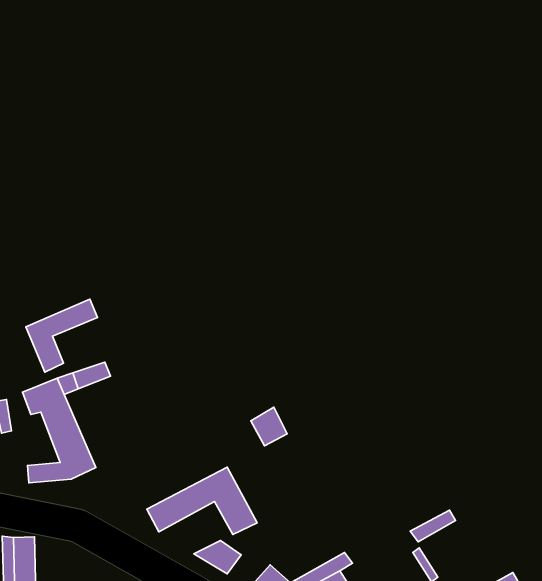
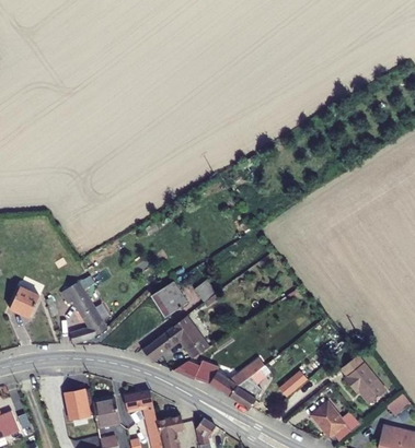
building: [26,299,98,372] -> none
building: none -> [150,281,186,318]

